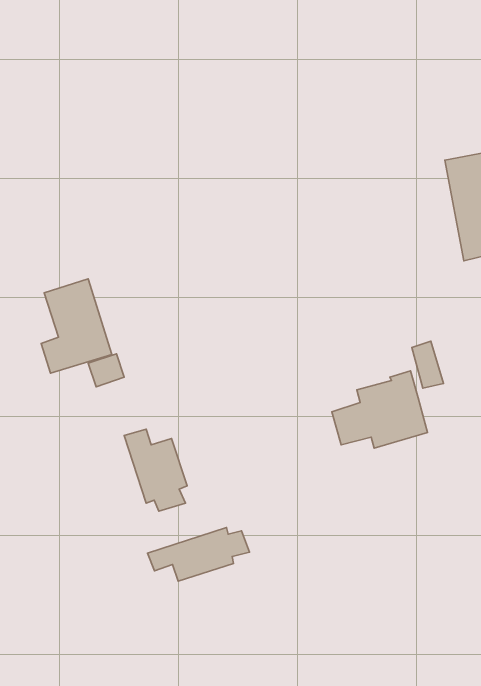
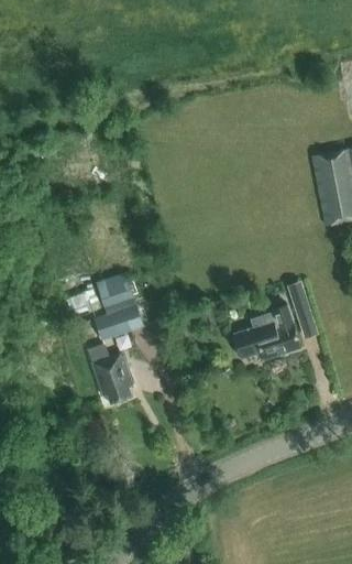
building: [41,279,112,373] -> [95,273,144,339]
building: [148,527,250,581] -> none

